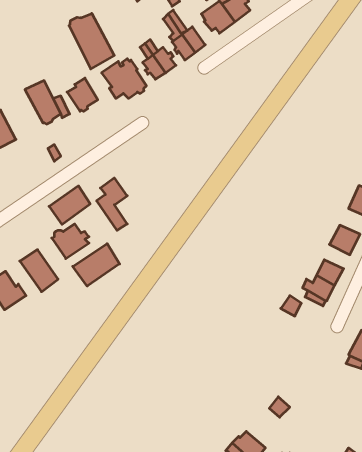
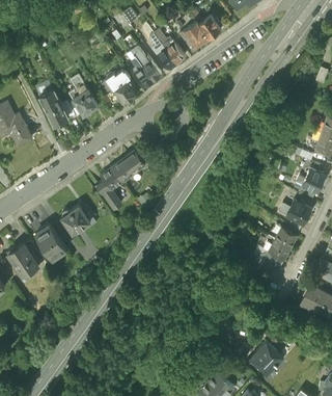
building: [69,13,114,69] -> none
building: [49,186,90,224] -> [111,152,144,183]
building: [73,244,120,286] -> none
building: none -> [249,343,283,377]

